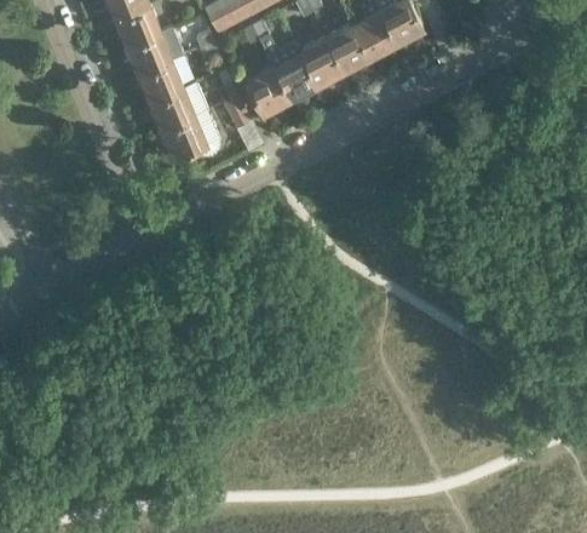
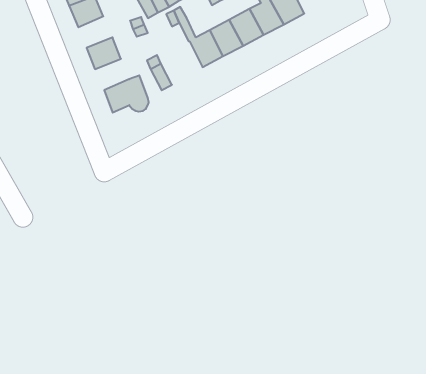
building: [127,33,172,74] -> none
building: [244,65,289,114] -> none
building: [149,82,207,130] -> none

